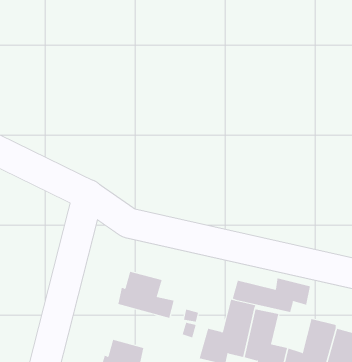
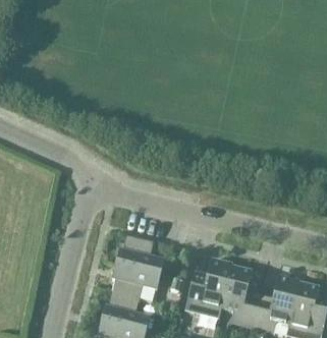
building: [232,278,311,313] -> none
building: none -> [112,263,160,299]

